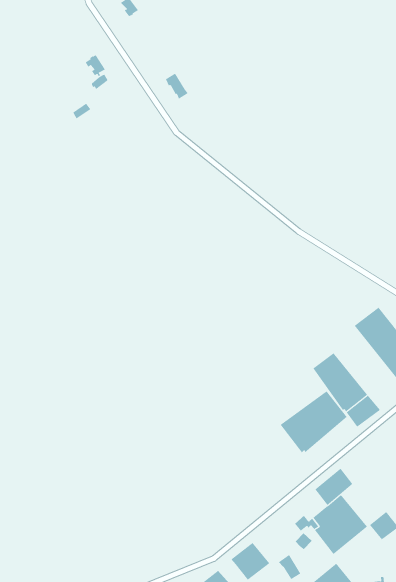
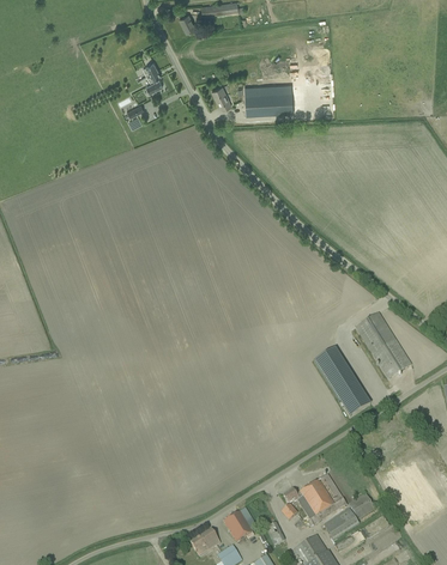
building: none -> [244,84,292,115]
building: [280,391,348,453] -> none
building: [315,468,353,506] -> [324,506,358,539]

